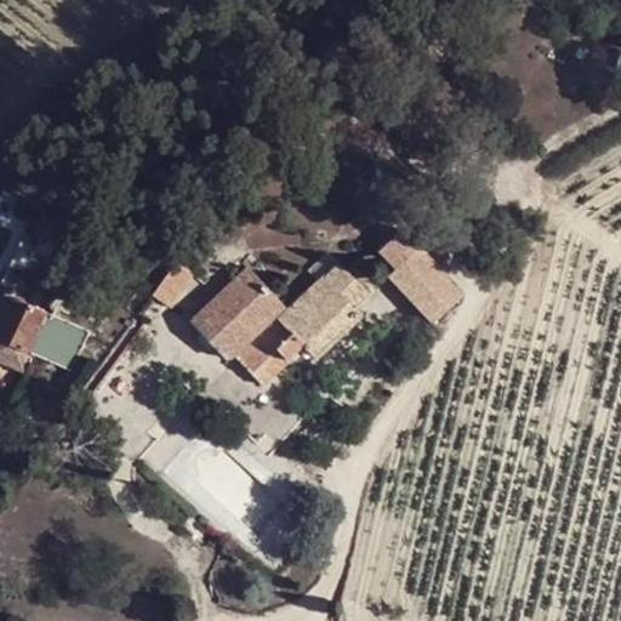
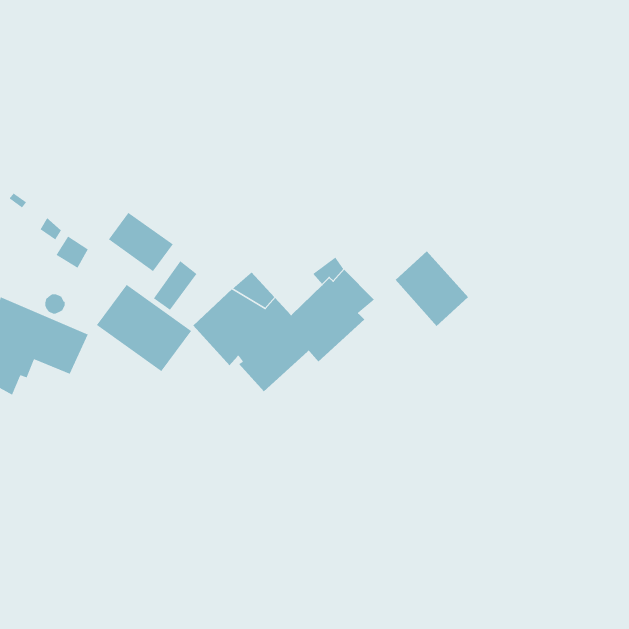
building: none -> [108,212,174,272]
building: none -> [96,284,192,372]

